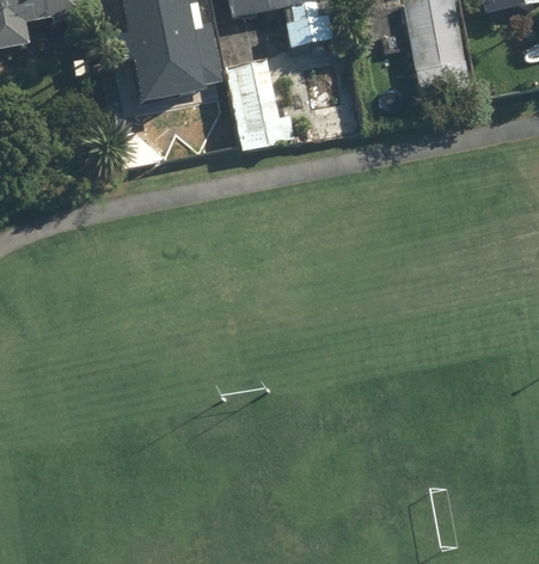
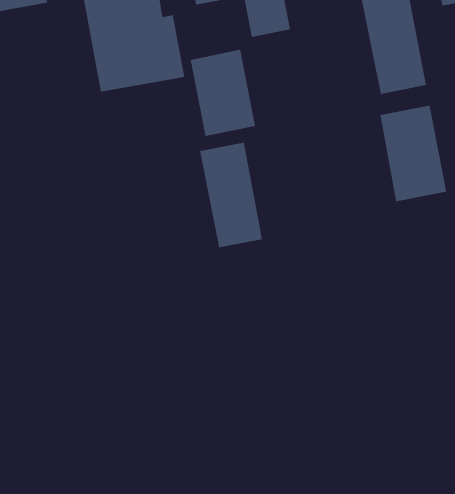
building: none -> [380,105,447,202]
building: none -> [199,142,263,248]

